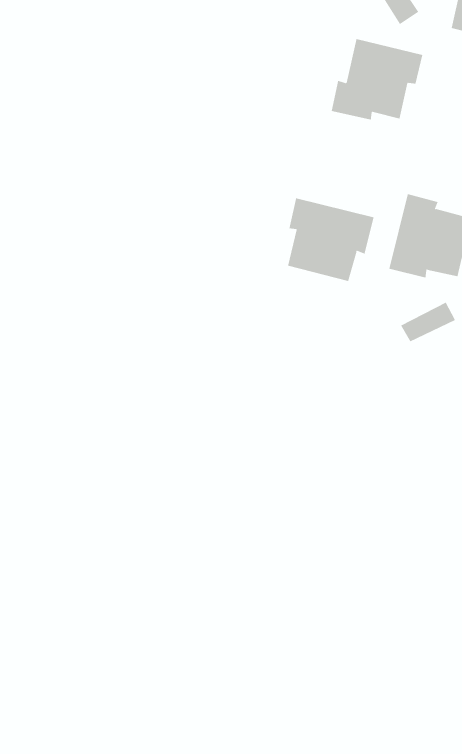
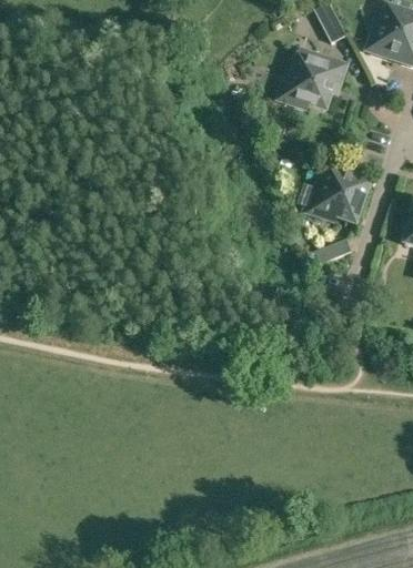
building: [288,198,374,282] -> none

